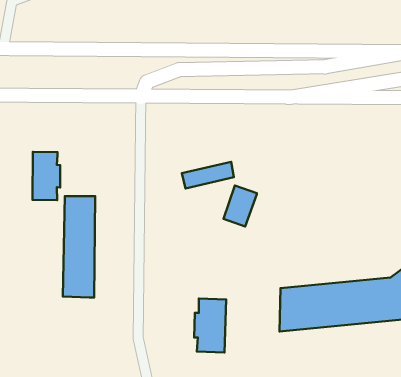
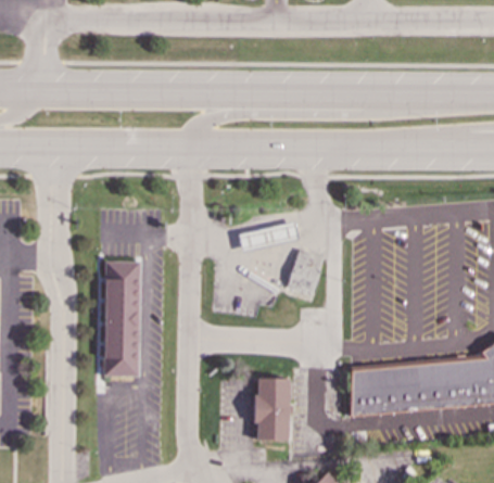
building: [32,152,60,200] -> none

